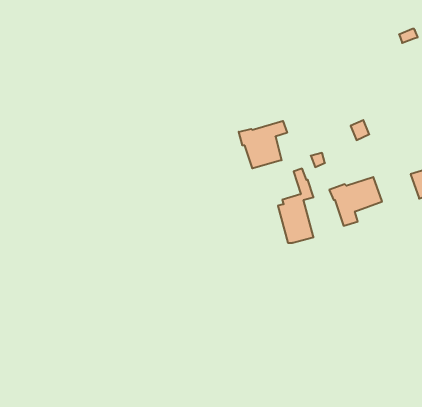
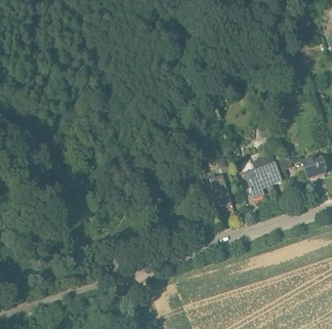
building: [239,121,287,168] -> none

